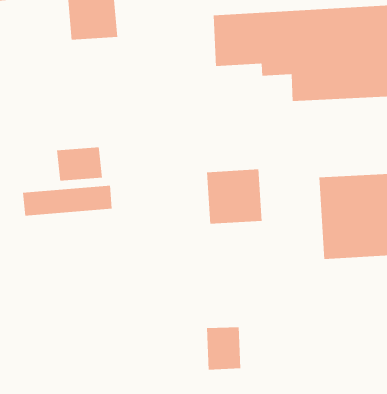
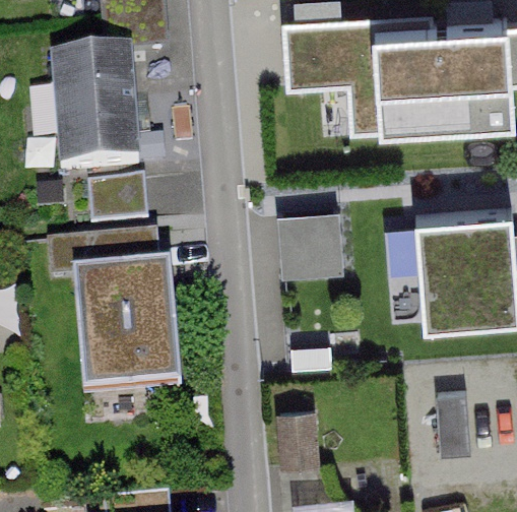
building: none -> [56,58,141,179]
building: none -> [71,275,180,397]

